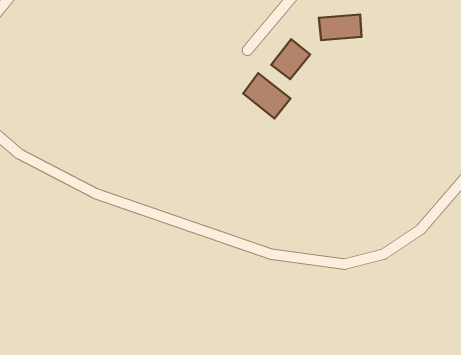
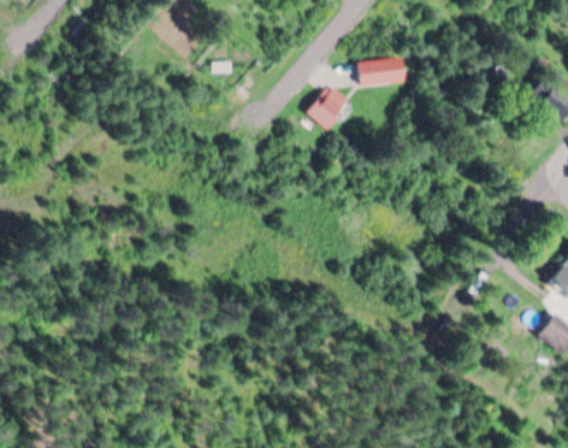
building: [243,73,291,118] -> none

